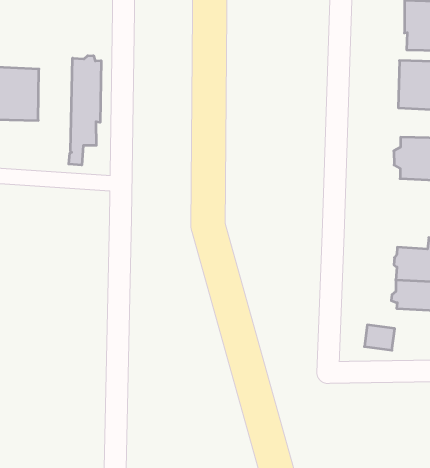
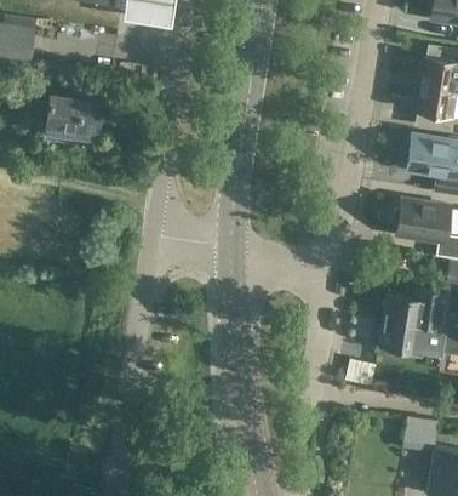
building: [69,56,101,165] -> none

